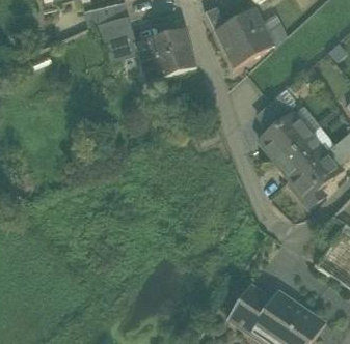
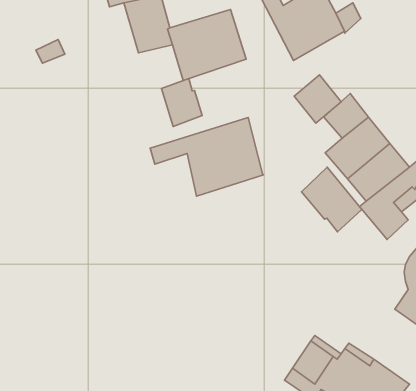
building: none -> [294,75,341,123]
building: none -> [161,78,202,126]
building: none -> [150,117,264,196]
building: none -> [301,167,362,232]

